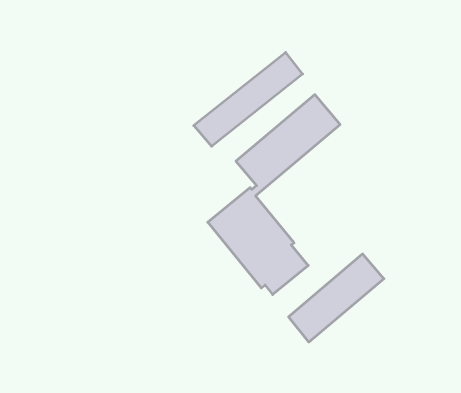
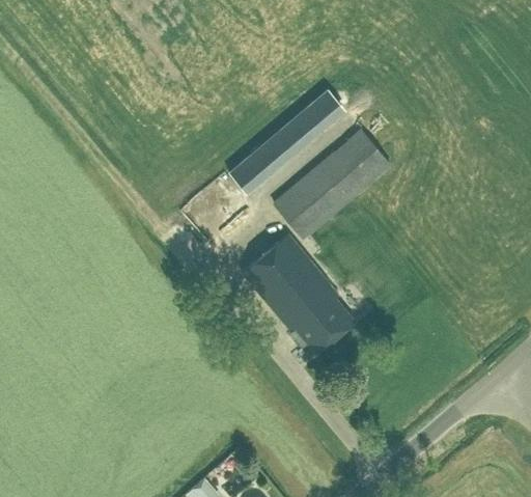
building: [289,254,384,342] -> none

